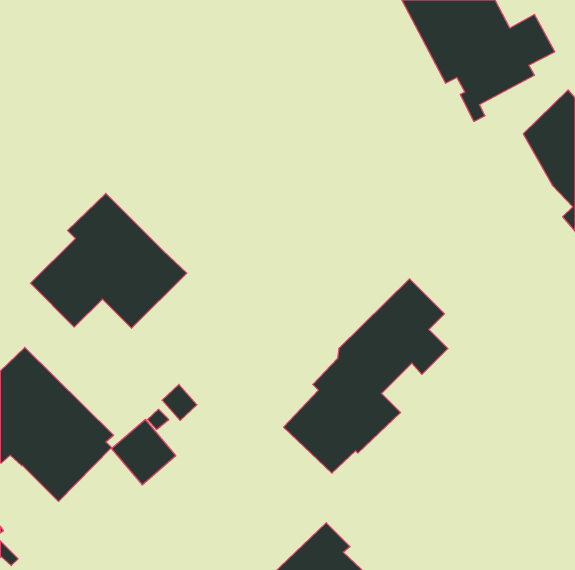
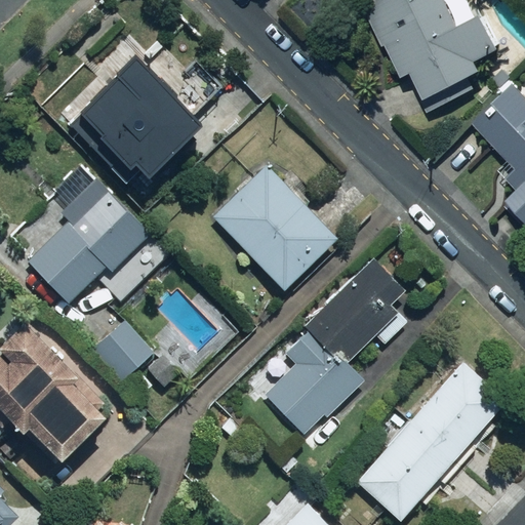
building: none -> [62,67,197,188]
building: none -> [213,165,337,289]
building: none -> [357,362,506,520]
building: [112,420,176,485] -> [95,321,154,380]

